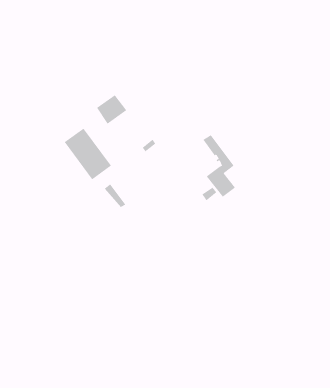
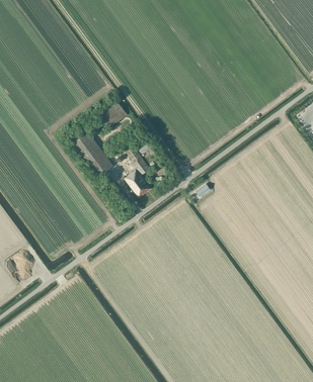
building: [202,134,236,198] -> [121,140,151,198]

